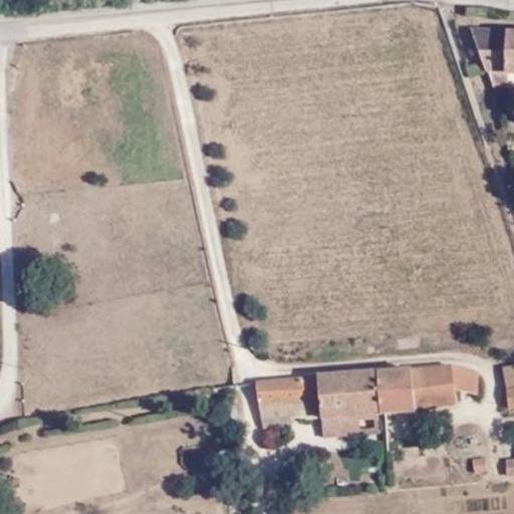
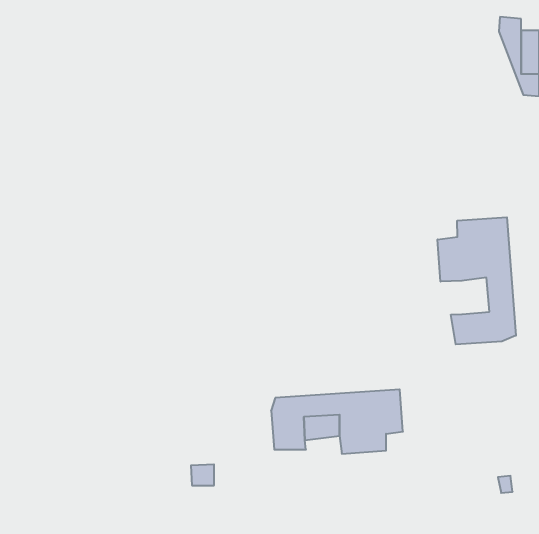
building: none -> [438,217,516,344]
building: [380,366,483,411] -> none

